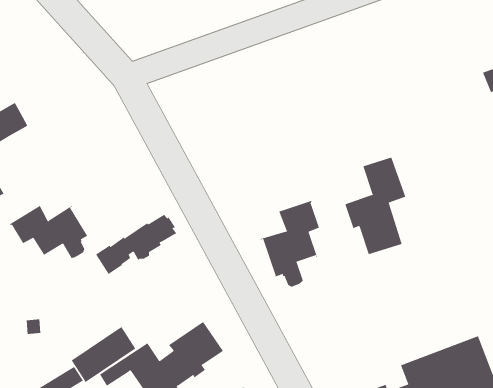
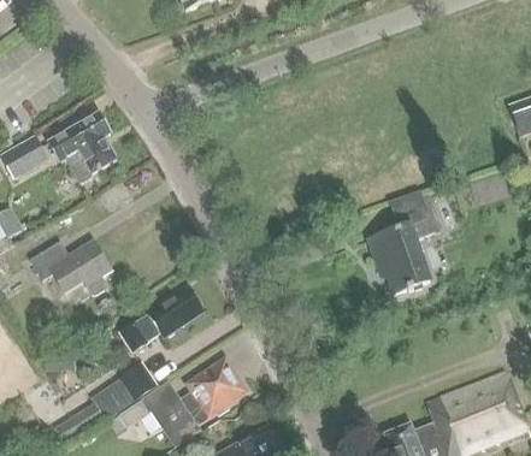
building: none -> [49,113,116,183]
building: [260,200,320,287] -> none
building: [95,214,177,275] -> [119,290,202,351]

